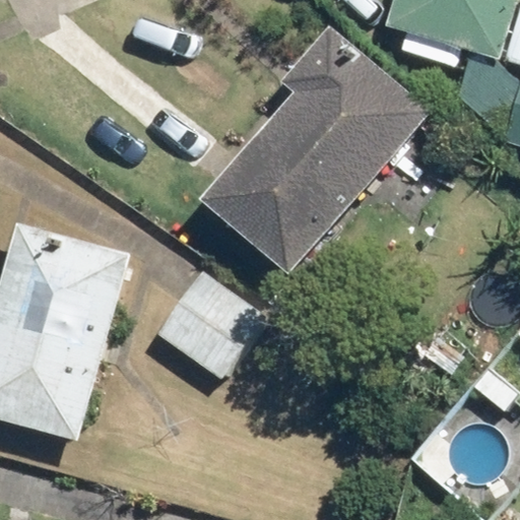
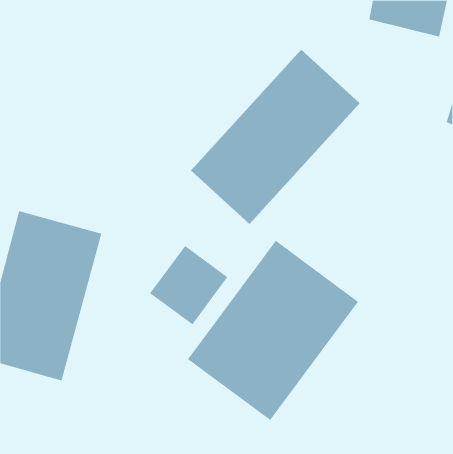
building: none -> [187,240,359,421]

